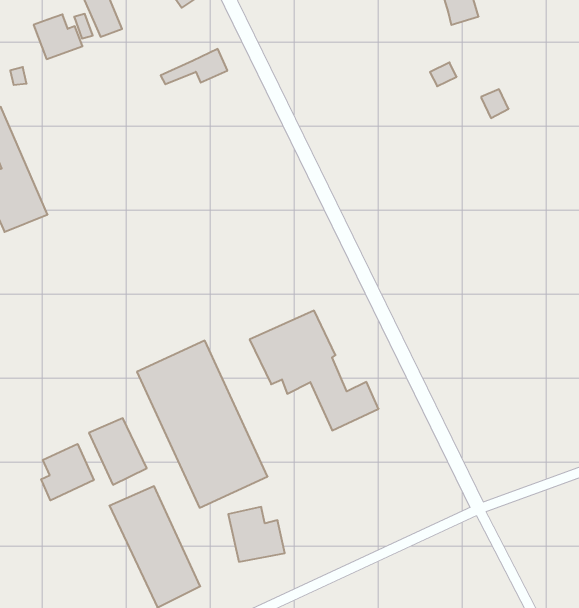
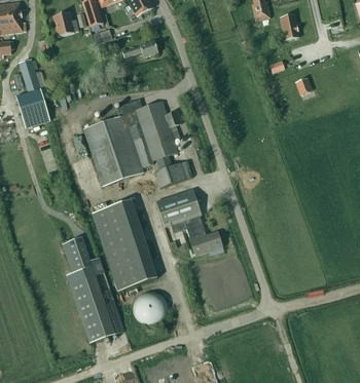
building: none -> [83,99,185,188]
building: [41,444,94,500] -> none

